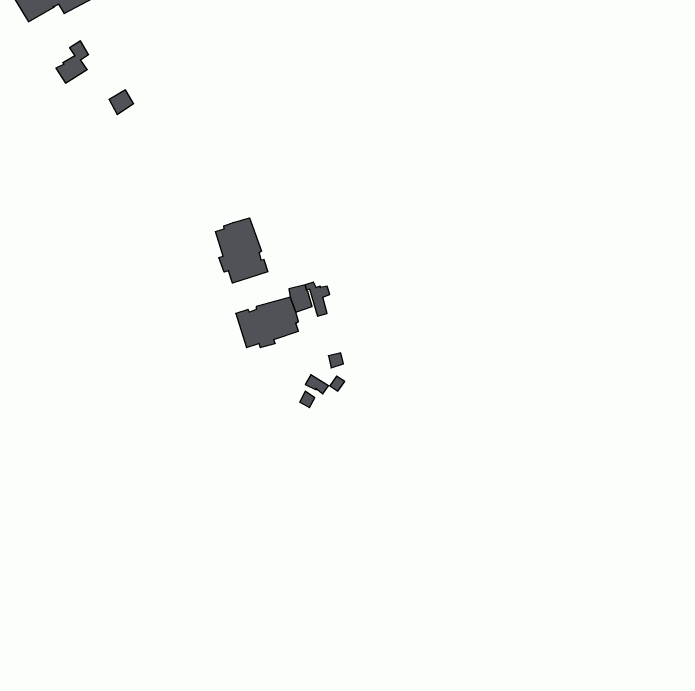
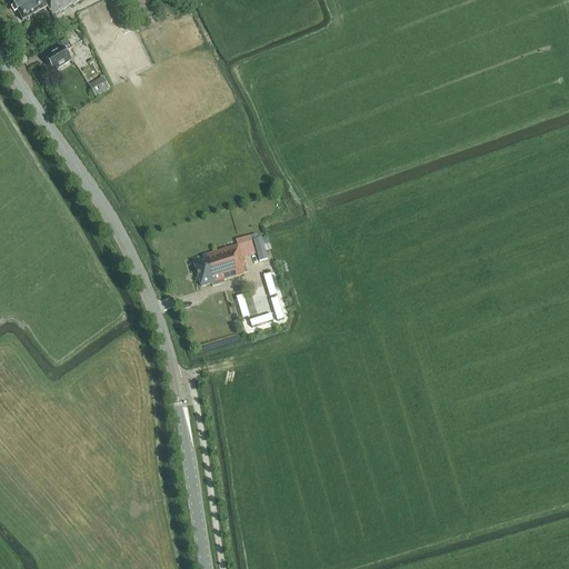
building: [216,218,268,283] -> none

